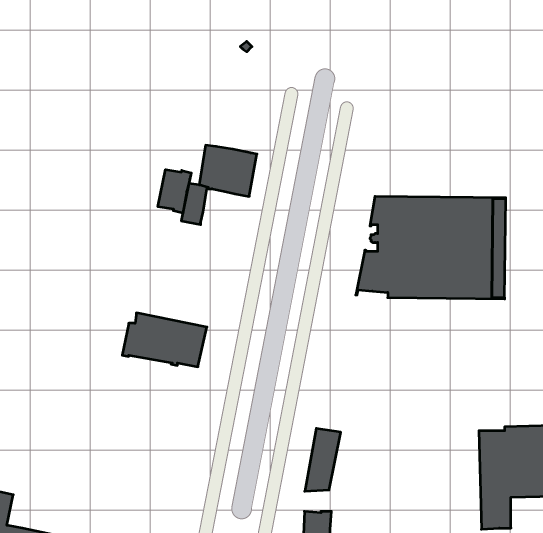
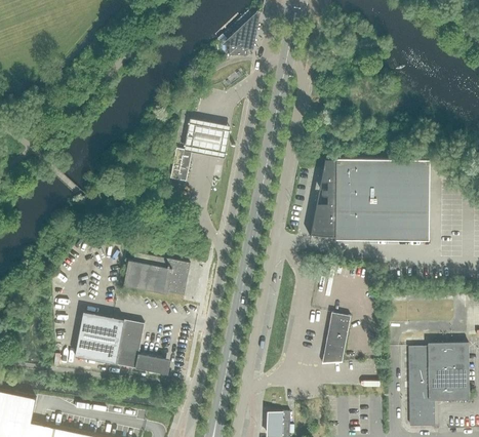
building: none -> [208,16,257,57]
building: [158,170,191,213] -> none
building: none -> [75,312,165,372]
building: [305,428,341,491] -> [322,313,351,363]

